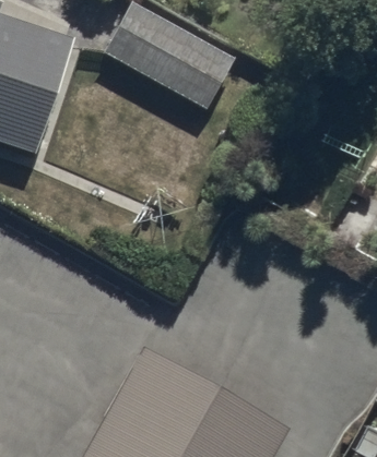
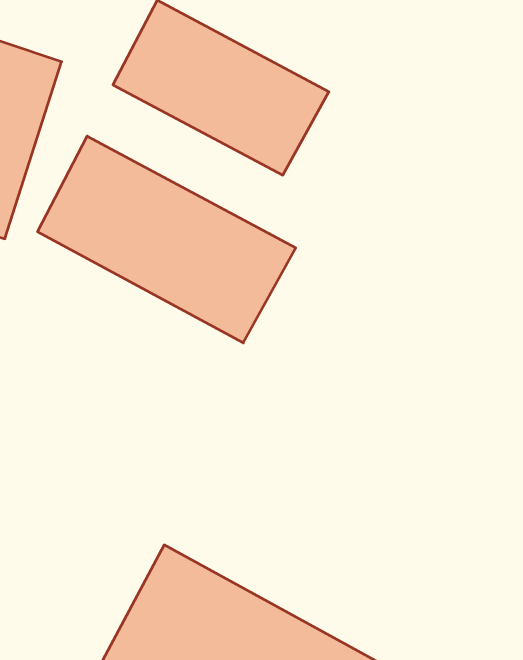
building: none -> [38,136,296,343]

